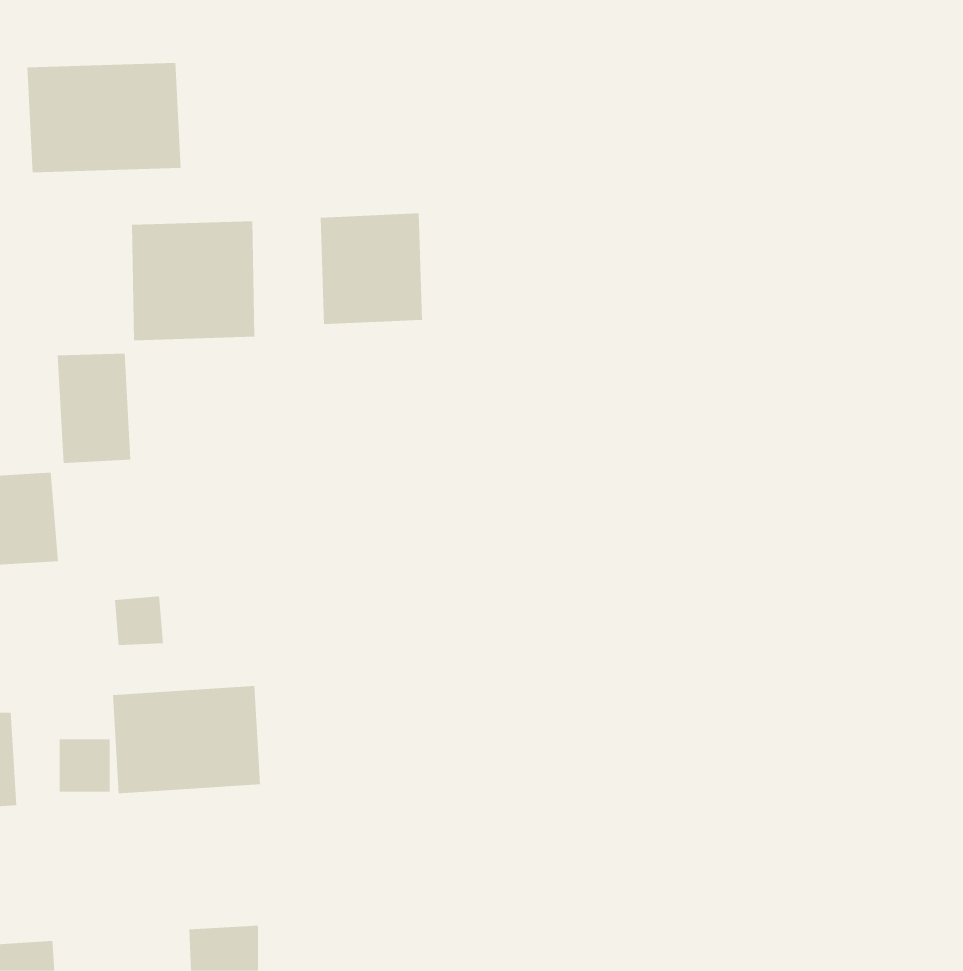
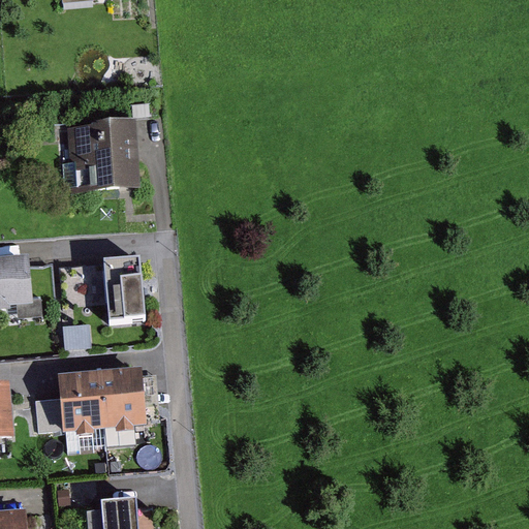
building: [27,62,181,173] -> none
building: [320,212,423,325] -> none
building: [57,353,131,464] -> [104,258,145,318]

